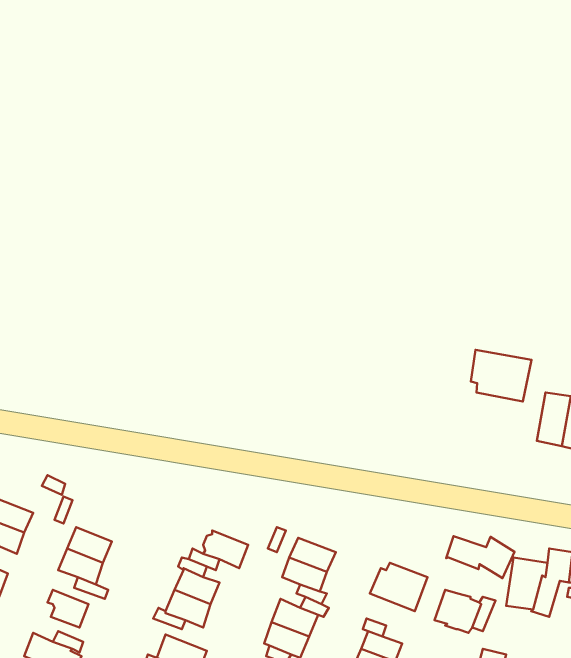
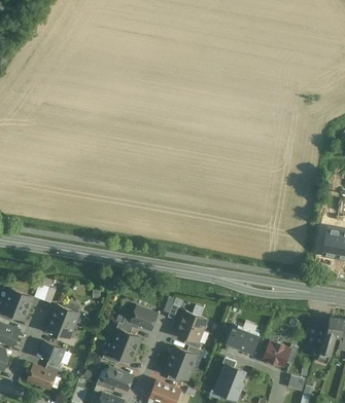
building: [471,350,532,402] -> none
building: [446,536,515,578] -> none

